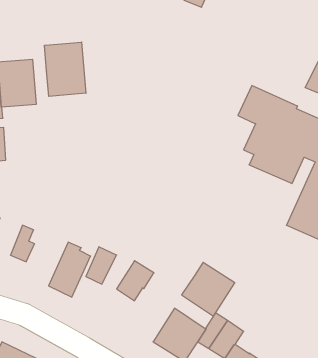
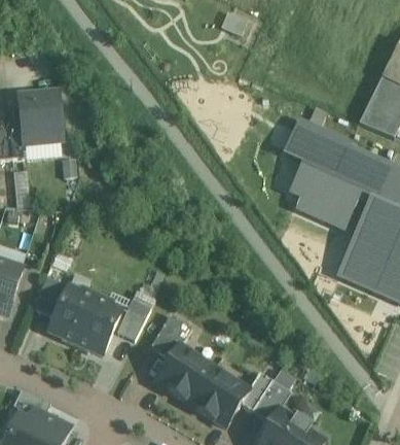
building: [44,42,86,96] -> none
building: none -> [48,284,97,341]
building: [182,262,235,316] -> [155,343,214,403]

